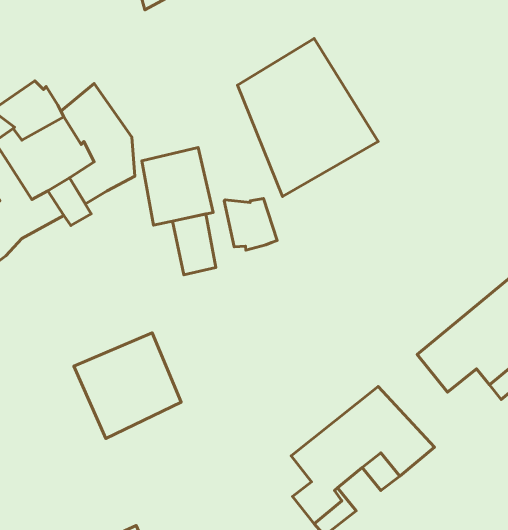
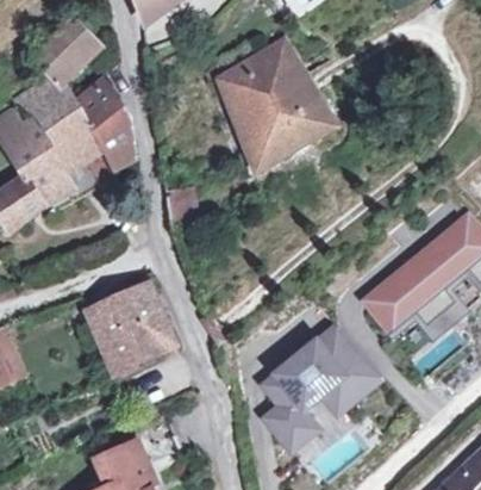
building: none -> [30,14,99,82]
building: [142,147,213,225] -> none
building: [224,198,277,250] -> none

